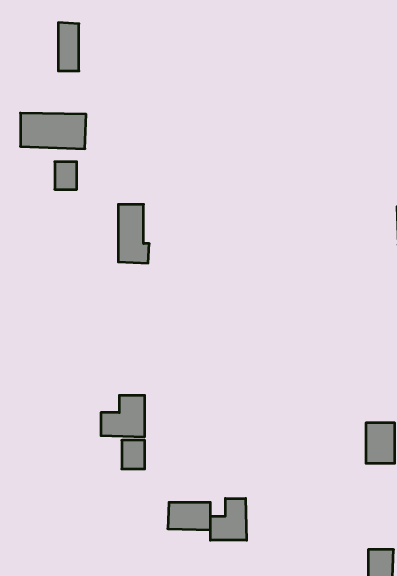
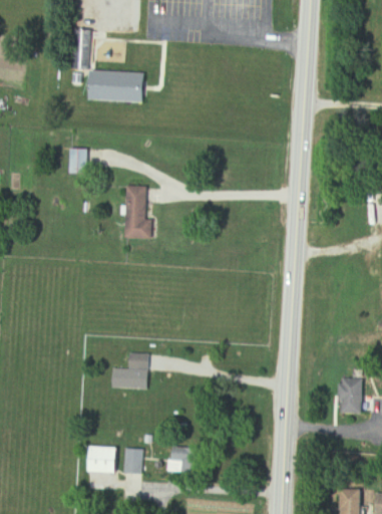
building: [20,113,86,149] -> [88,71,145,102]
building: [122,440,145,469] -> [120,448,140,473]
building: [210,498,247,540] -> none
building: none -> [87,447,115,471]

